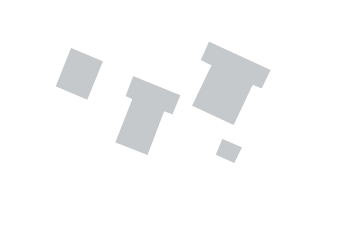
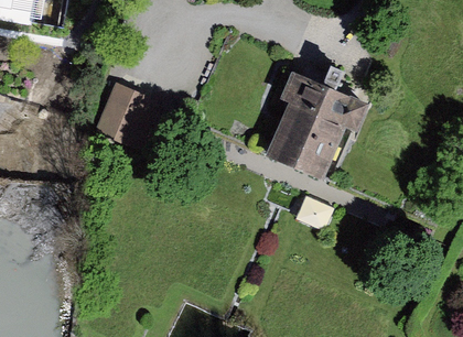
building: [115,75,181,156] -> none

